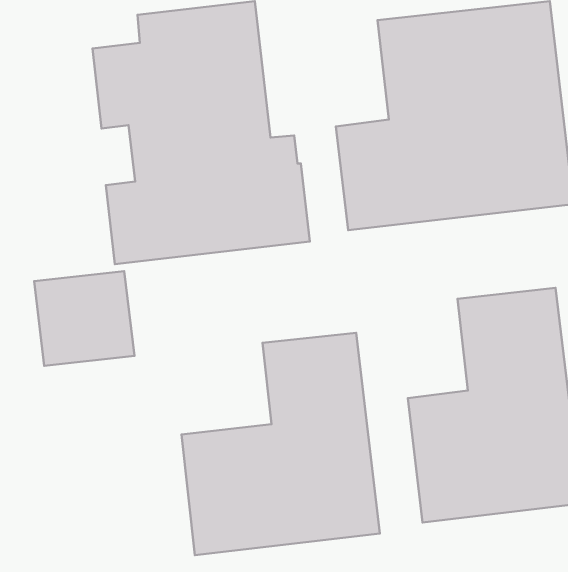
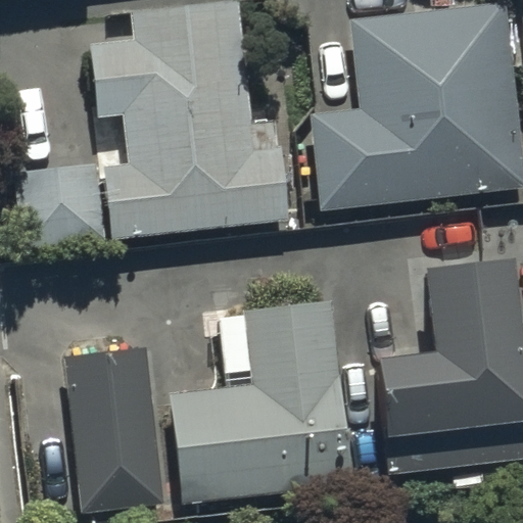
building: [34,271,134,366] -> [15,163,106,249]
building: none -> [64,346,165,512]

